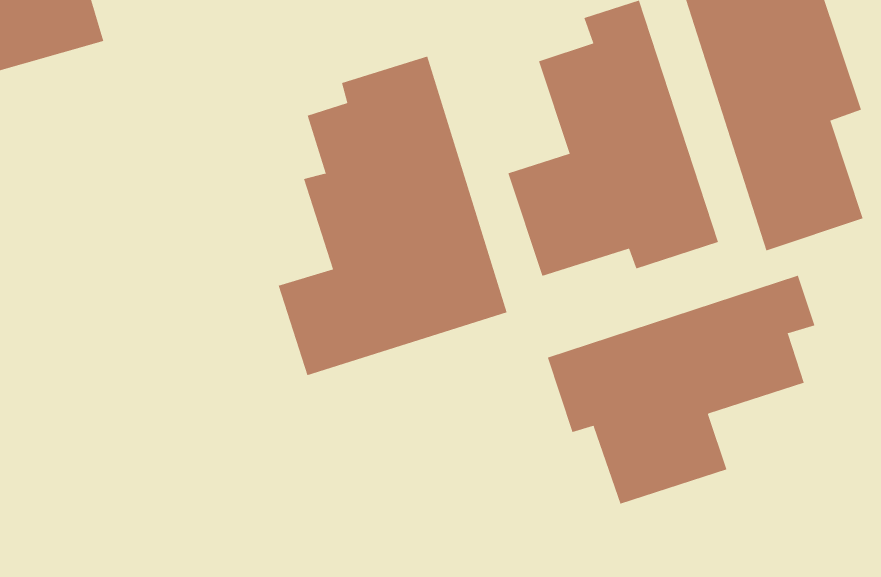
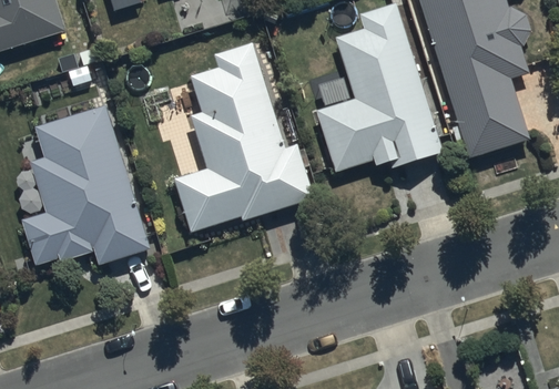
building: none -> [19,99,151,283]
building: [547,275,815,505] -> none

